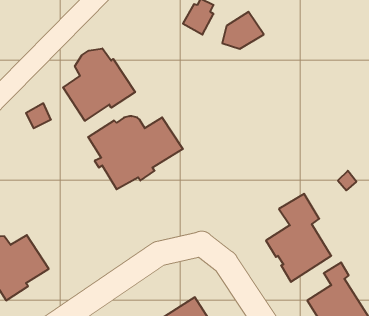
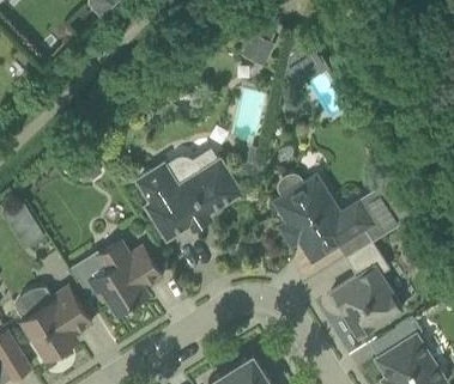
building: [63,48,135,121] -> none
building: none -> [276,176,418,260]
building: none -> [89,240,162,313]

